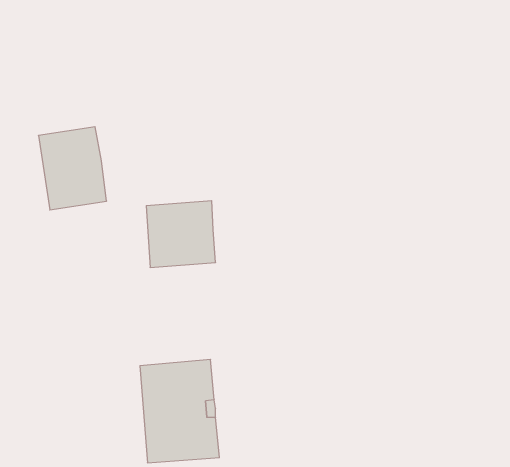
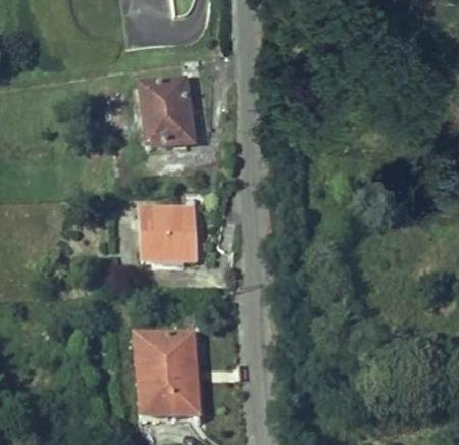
building: [38,127,107,210] -> [140,79,195,146]

